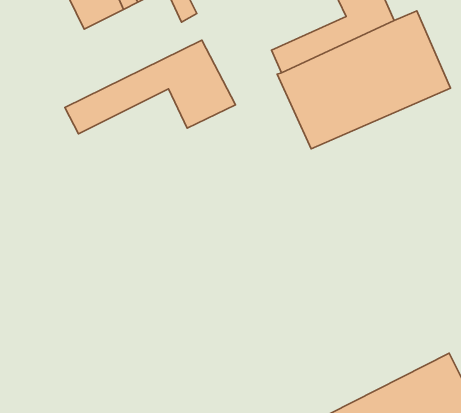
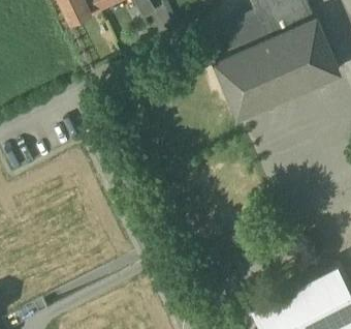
building: [65,40,235,134] -> none

